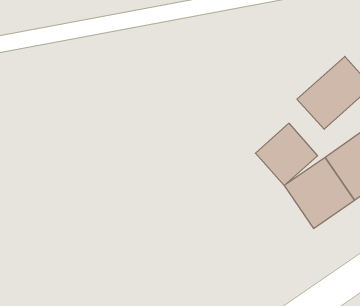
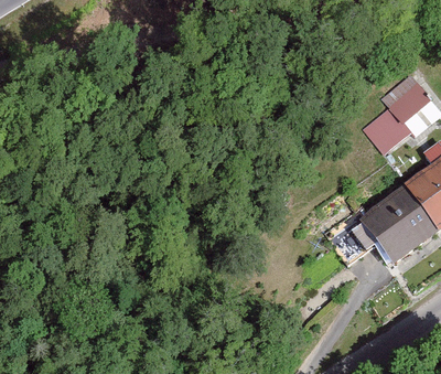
building: [255,123,318,186] -> none

